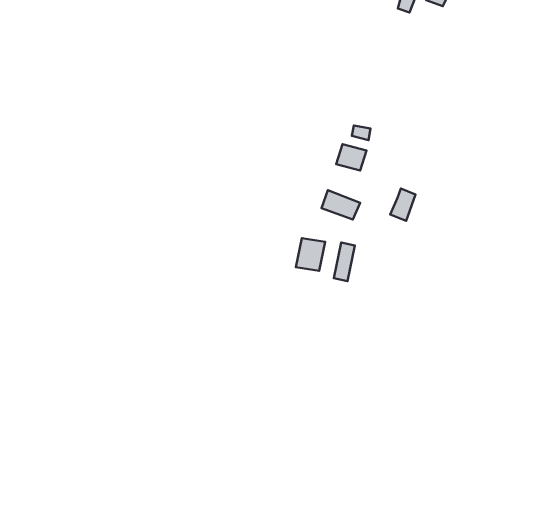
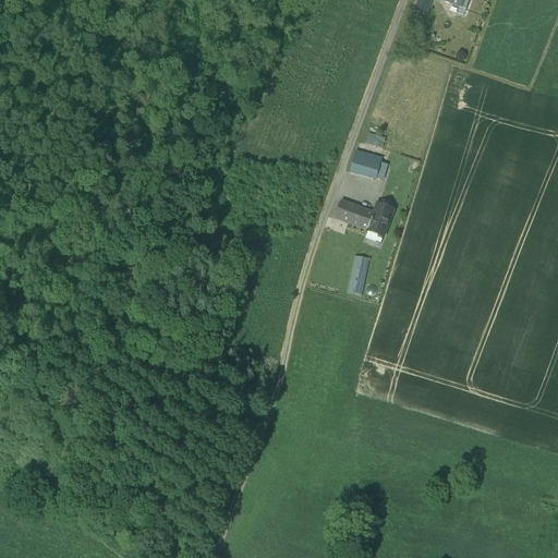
building: [390,188,415,221] -> [367,202,393,235]
building: [296,238,325,271] -> none

